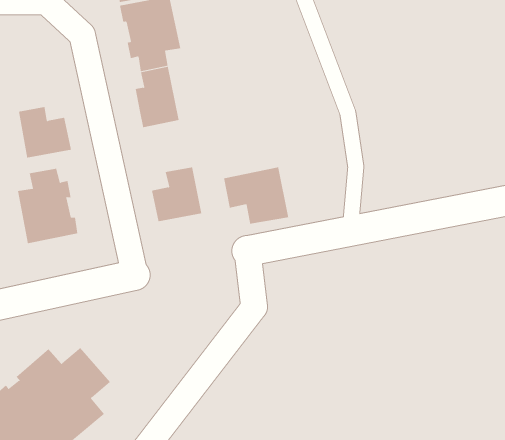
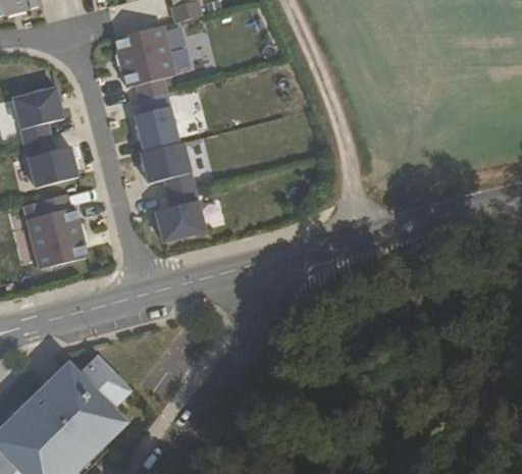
building: none -> [12,87,62,142]
building: none -> [141,141,194,192]
building: [223,167,289,225] -> none

